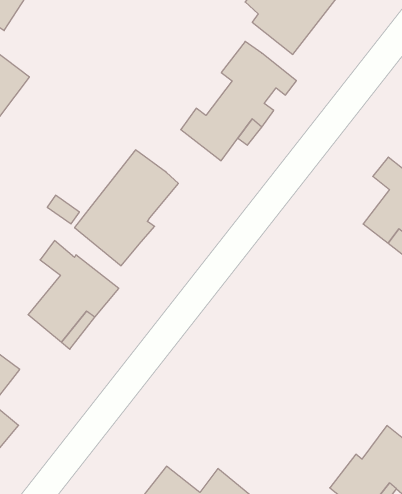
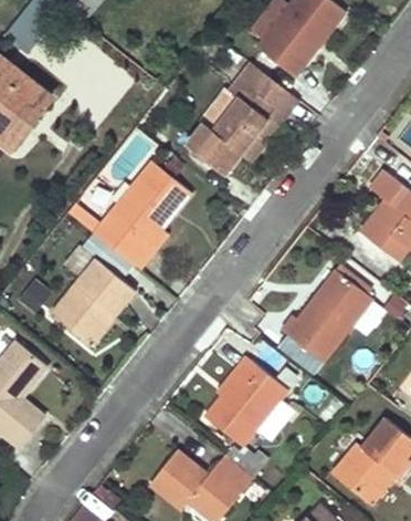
building: none -> [283,273,377,366]
building: none -> [205,363,288,449]

